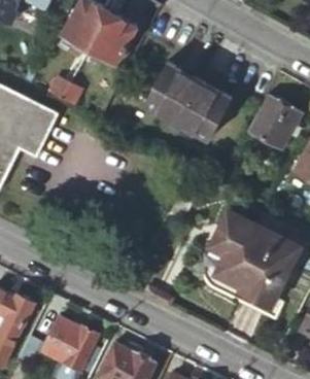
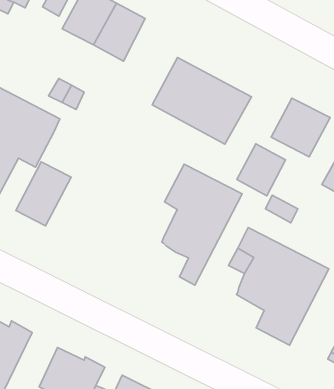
building: none -> [237,144,286,196]
building: none -> [16,162,71,226]
building: none -> [162,164,242,285]

